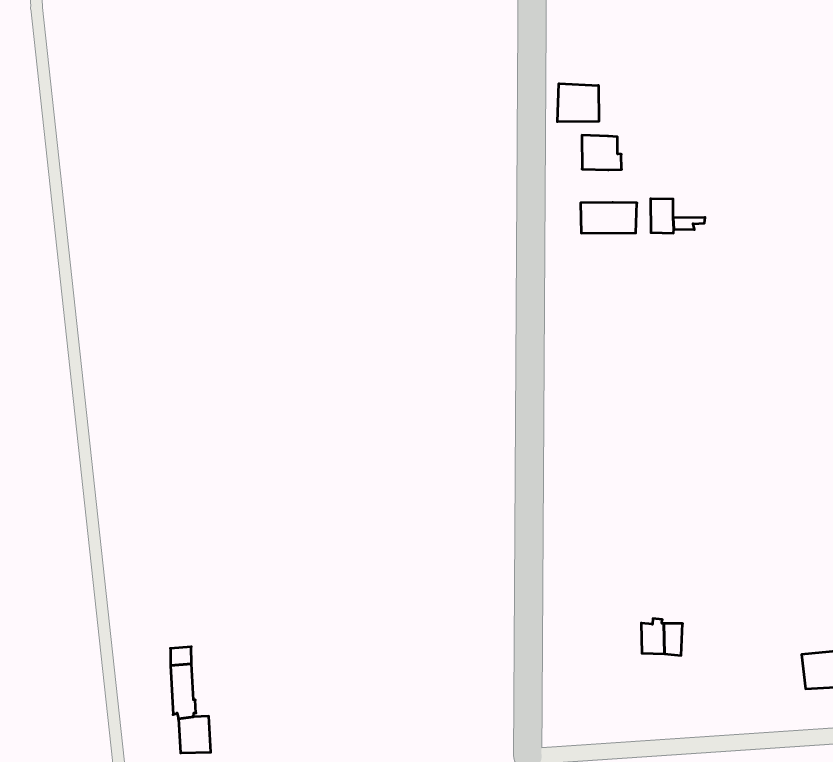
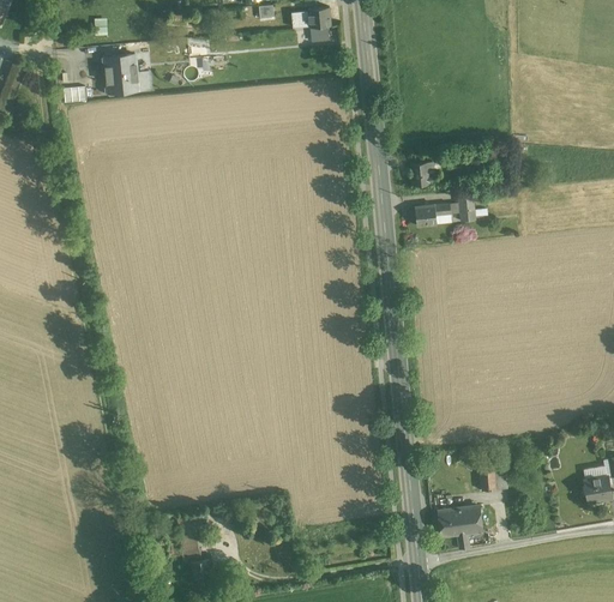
building: [557,84,599,122] -> none
building: none -> [438,505,481,548]

